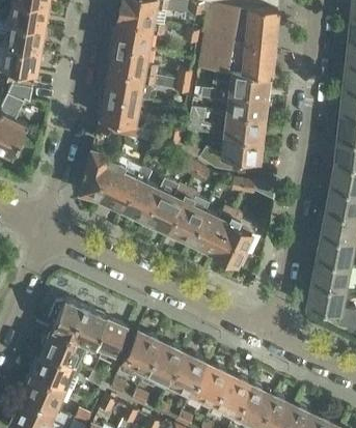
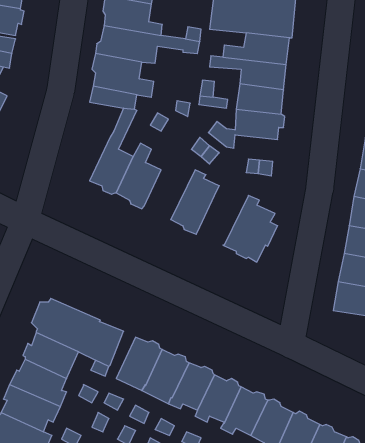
building: [79,149,115,198] -> none
building: [142,177,188,231] -> none
building: [189,205,234,253] -> none

